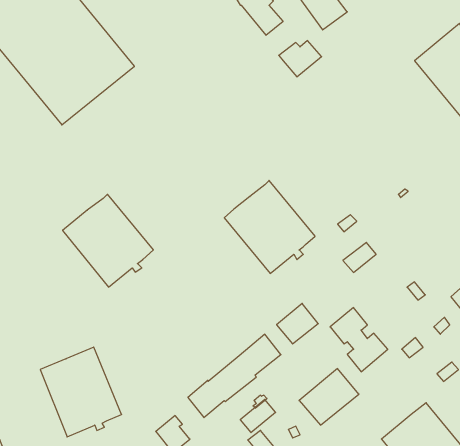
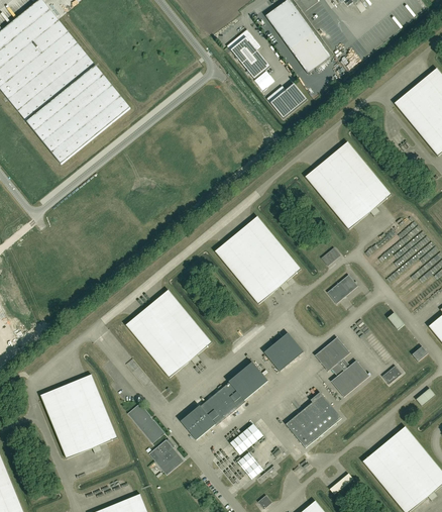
building: none -> [305,141,391,229]
building: [63,194,153,287] -> [125,290,211,378]
building: none -> [128,404,163,442]

